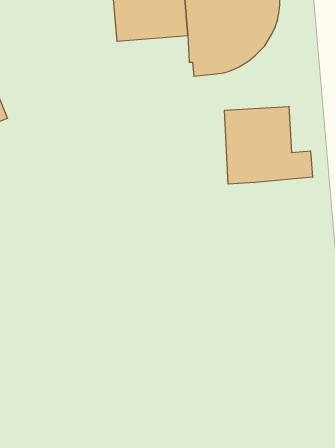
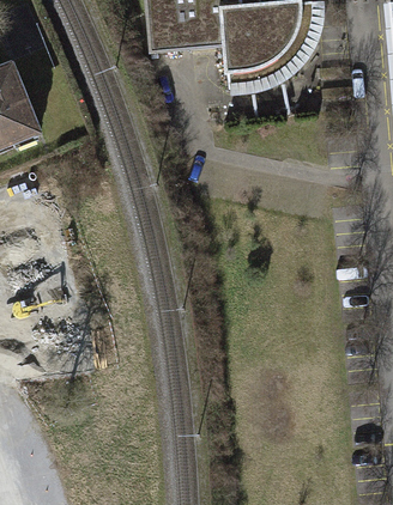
building: [224,106,313,184] -> none

